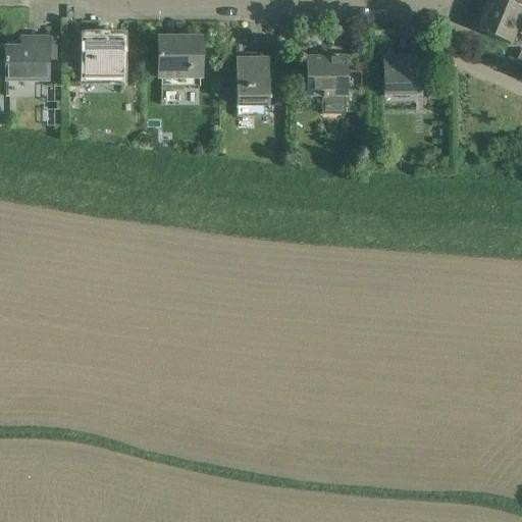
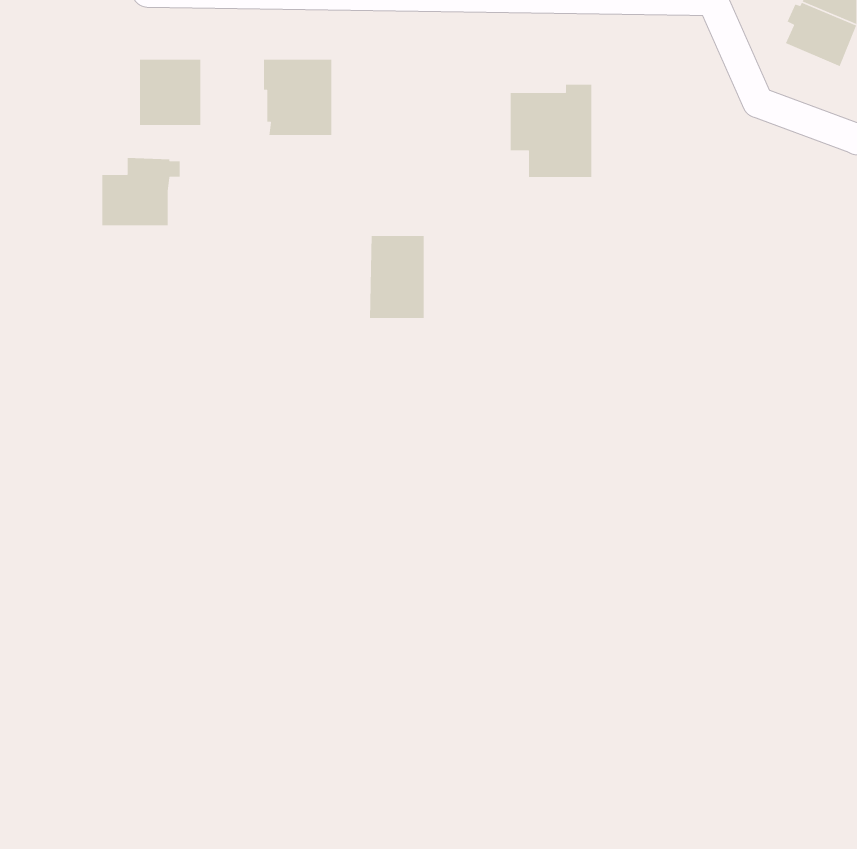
building: [7,36,55,77] -> [102,157,180,226]
building: [237,51,270,102] -> [369,235,425,319]
building: [384,55,419,93] -> none

